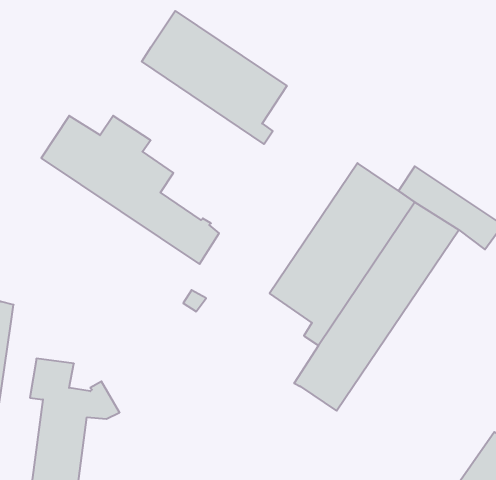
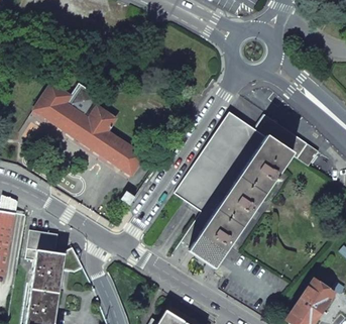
building: [142,11,287,144] -> none

